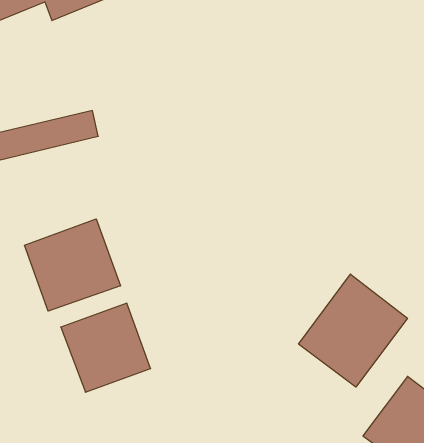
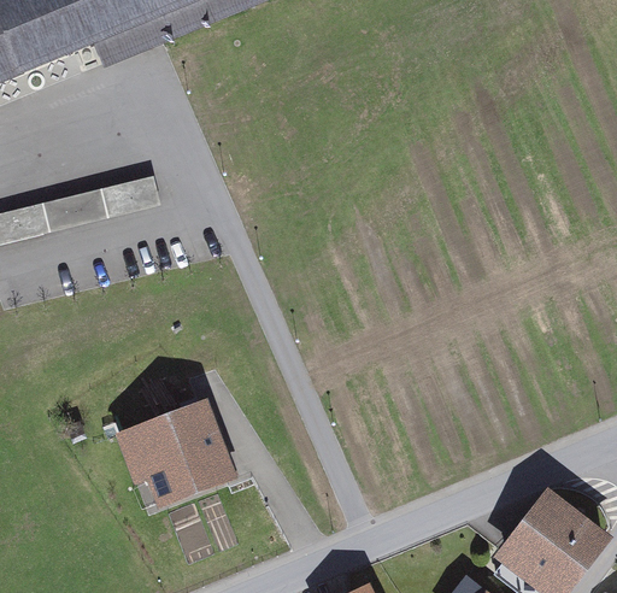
building: [24,219,120,311] -> none
building: [299,274,407,387] -> none

